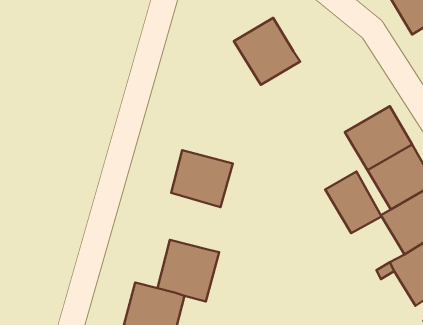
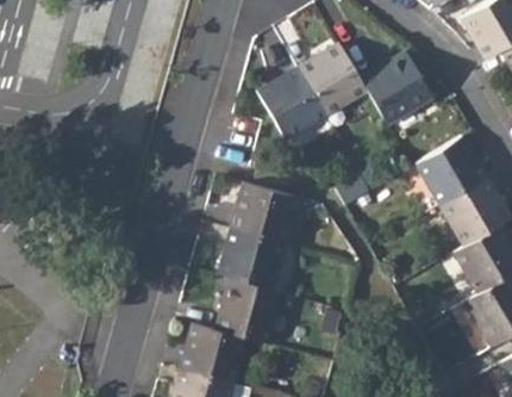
building: none -> [360,51,432,124]
building: none -> [256,68,325,139]
building: [325,172,382,233] -> none
building: none -> [218,229,282,290]

